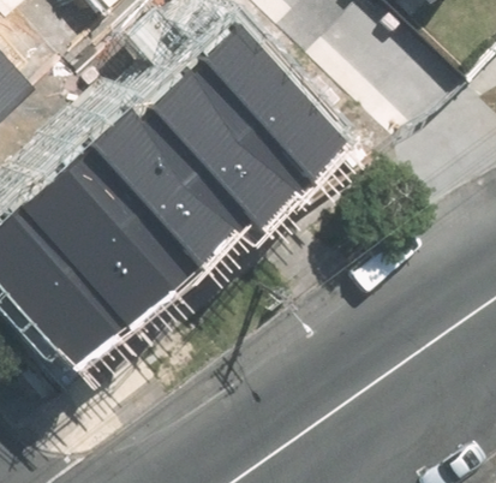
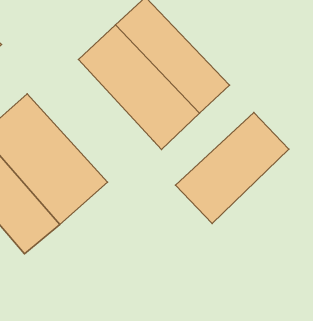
building: [78,108,250,276] -> none
building: none -> [176,112,289,223]

